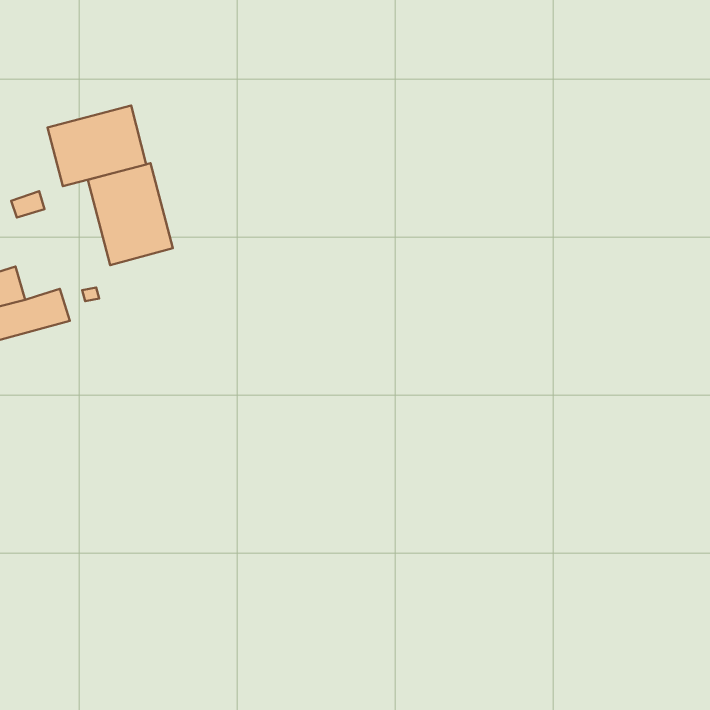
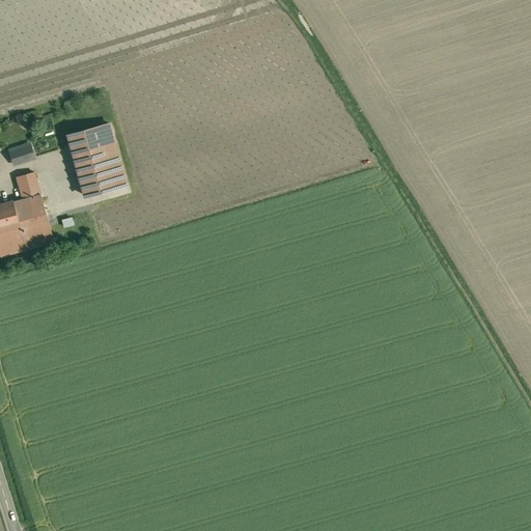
building: [48,106,146,186] -> none
building: none -> [15,170,45,220]

